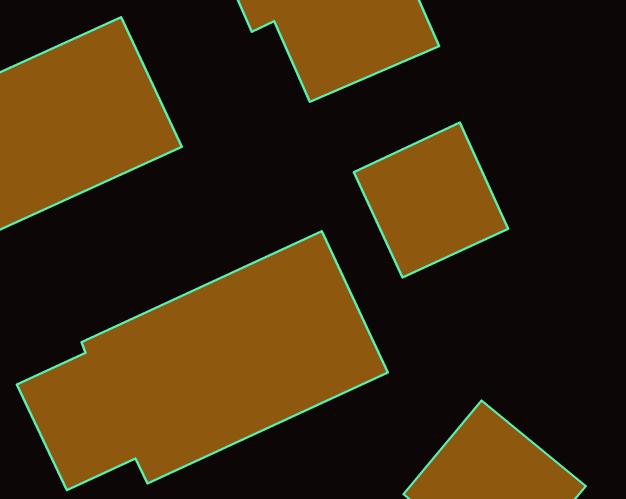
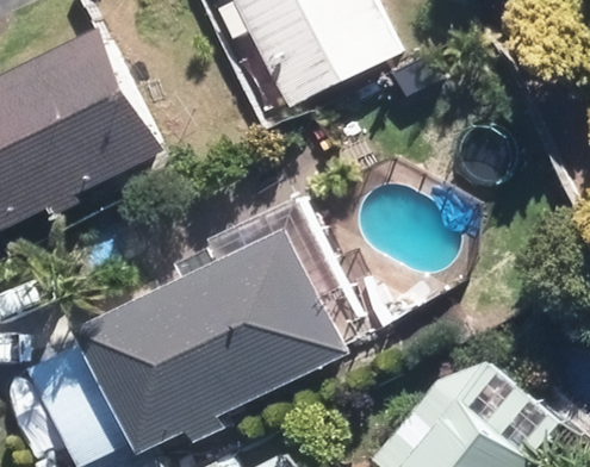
building: [354,122,508,278] -> none

